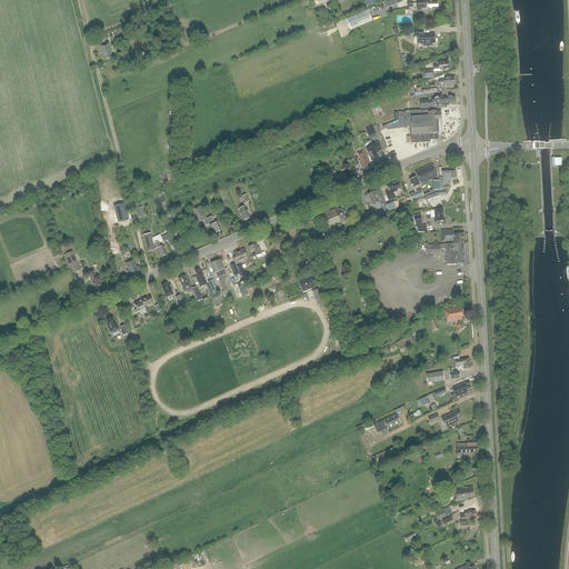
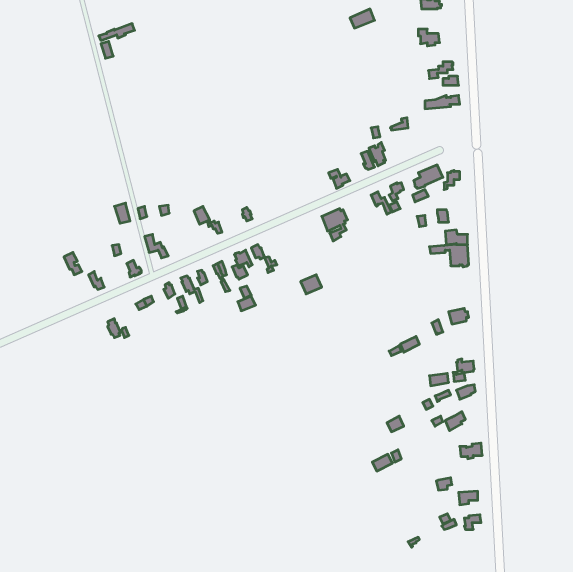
building: [410,110,441,142] -> none

